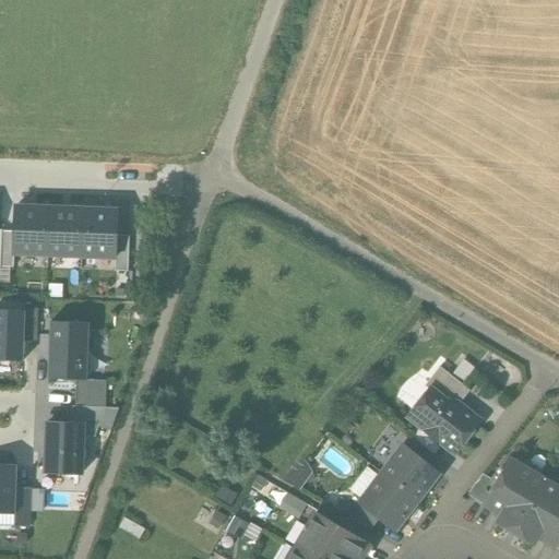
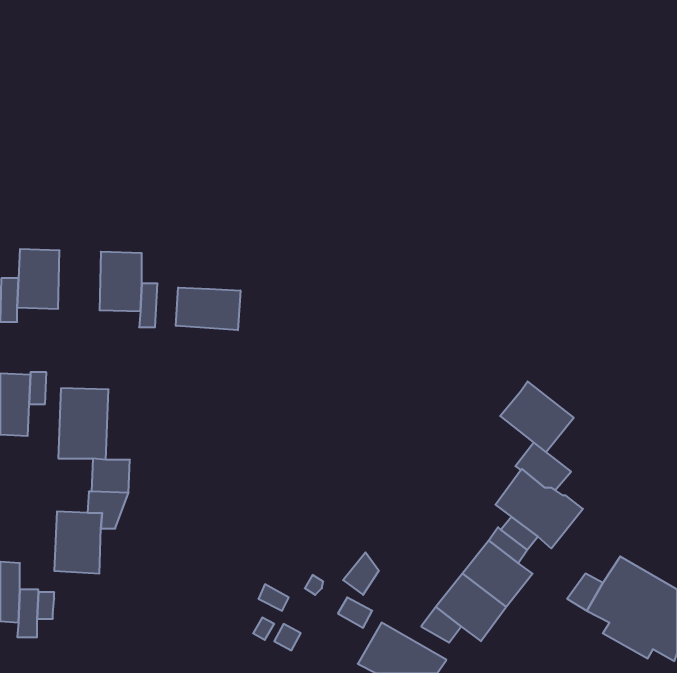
building: [48,206,83,255] -> none
building: none -> [176,287,240,330]
building: none -> [500,381,574,452]

